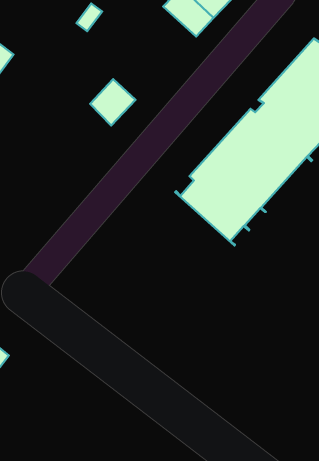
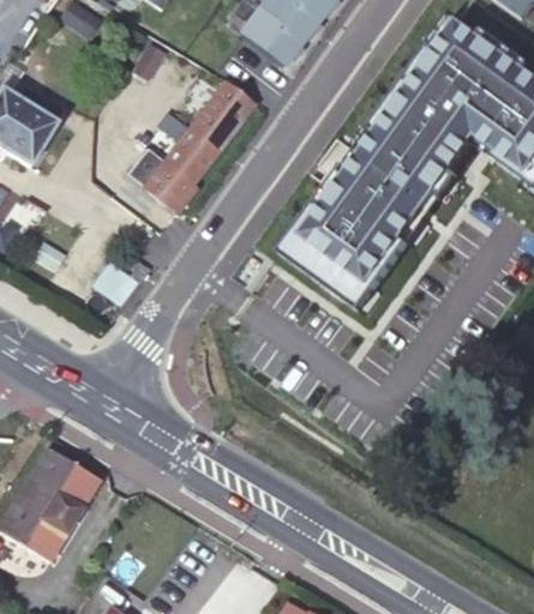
building: none -> [188,78,254,148]
building: none -> [126,145,196,211]

